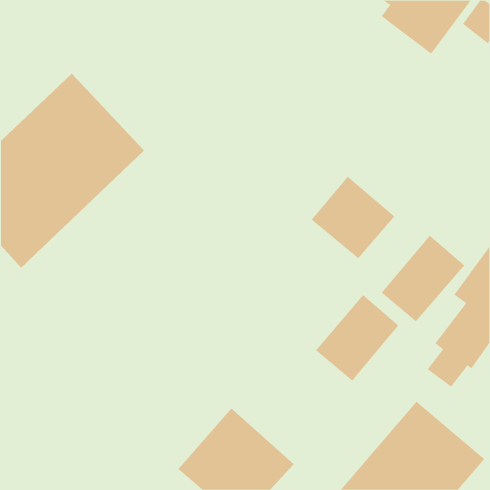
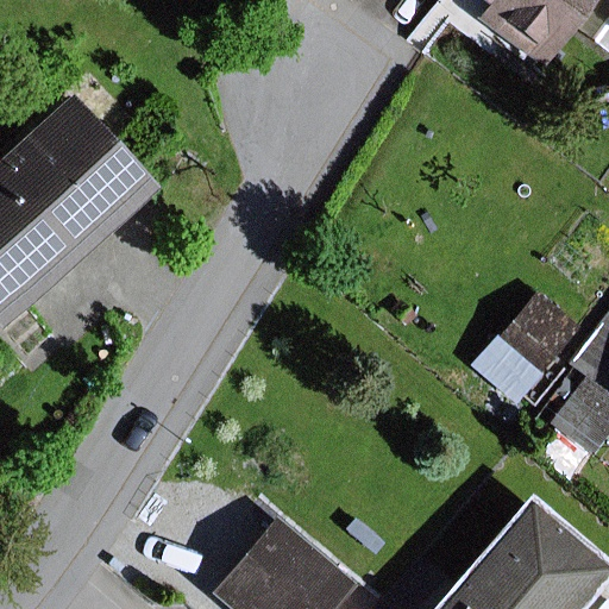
building: [311,176,395,259] -> none
building: [315,294,399,381] -> none

